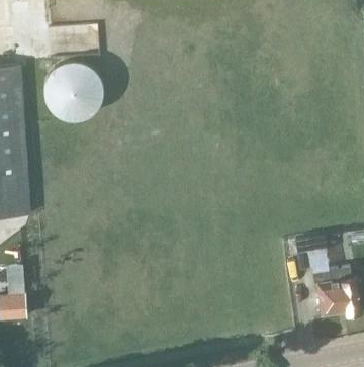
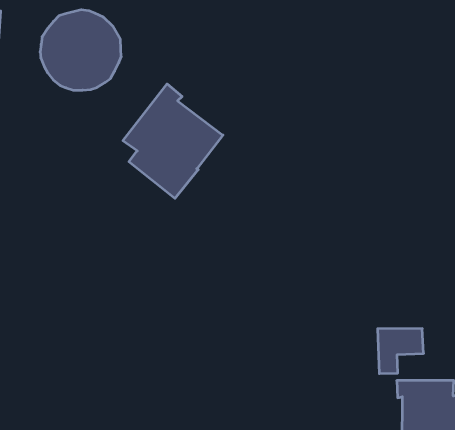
building: none -> [123,84,223,198]

